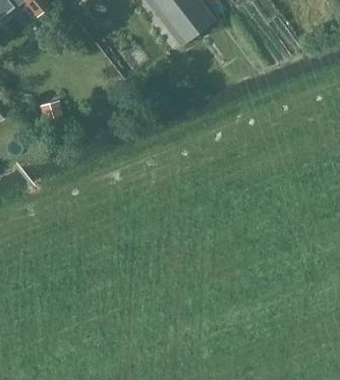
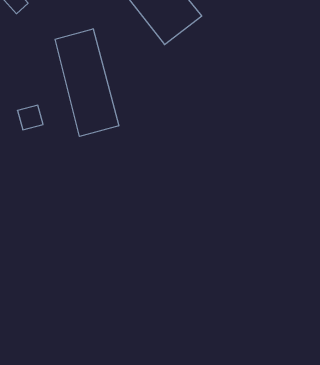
building: none -> [55,29,119,136]

